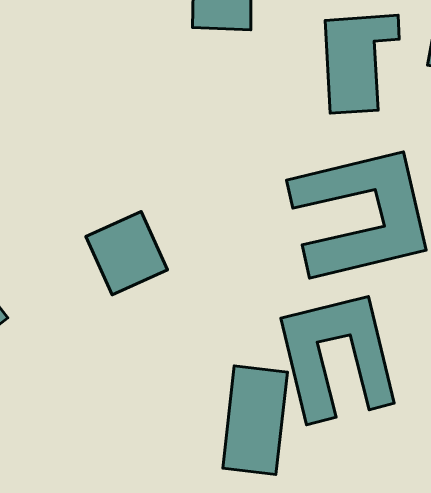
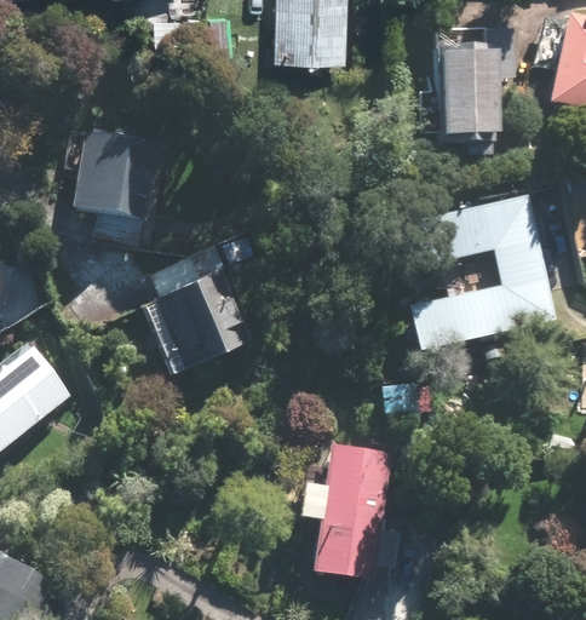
building: none -> [76,132,155,219]
building: [281,296,394,425] -> none

